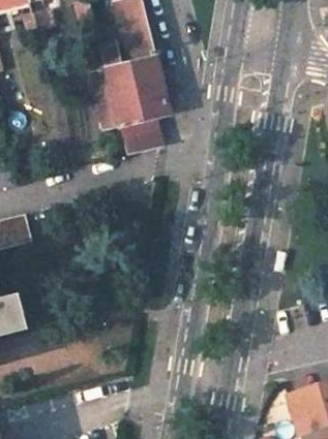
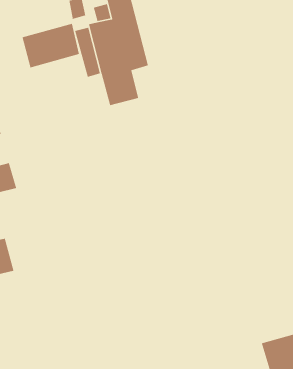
building: none -> [21,23,80,69]

